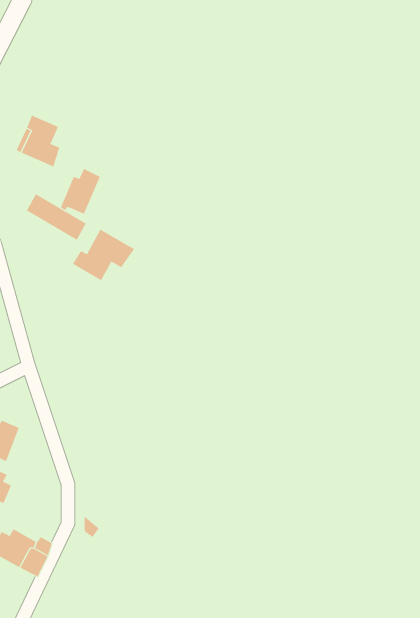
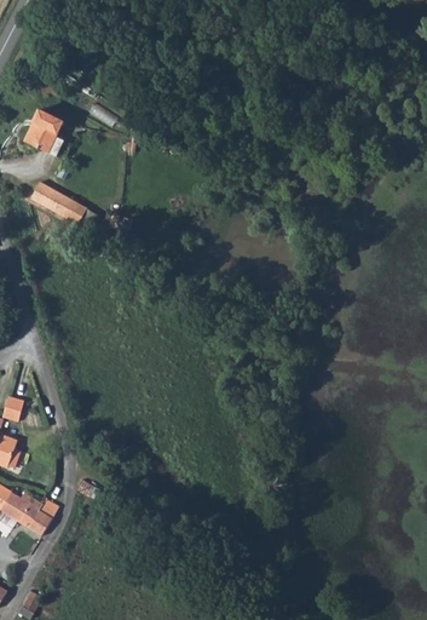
building: [60,168,100,215] -> none
building: [72,229,135,281] -> none

